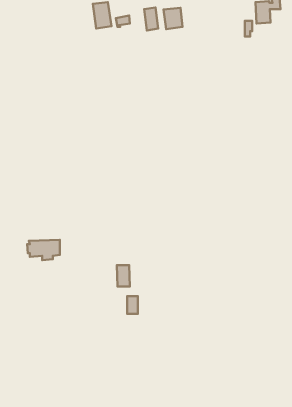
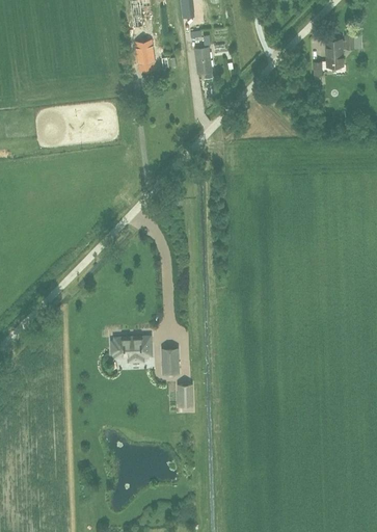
building: [164,8,183,29] -> none
building: [27,240,60,260] -> [111,337,150,361]

